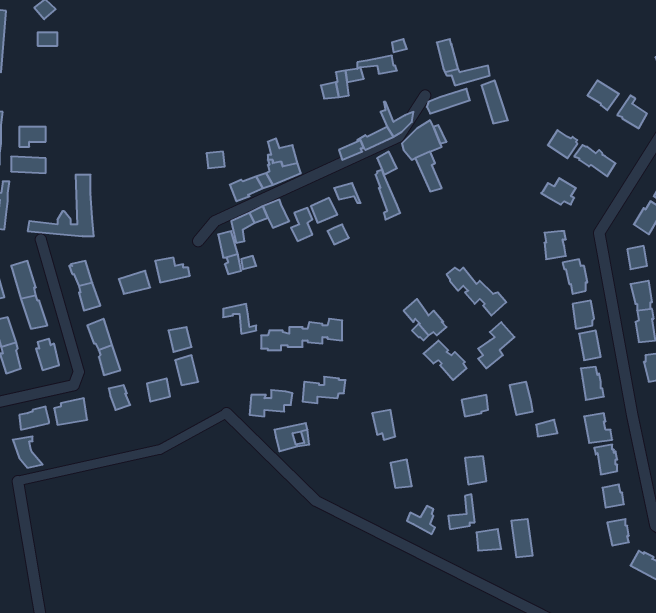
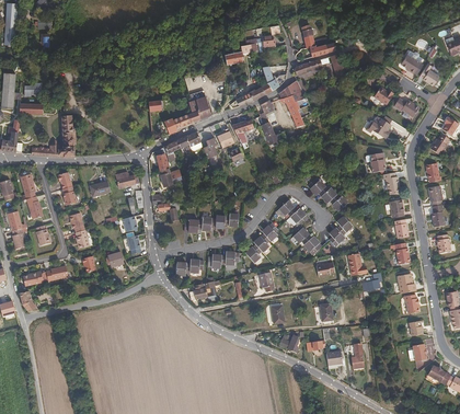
building: none -> [245,221,277,261]

